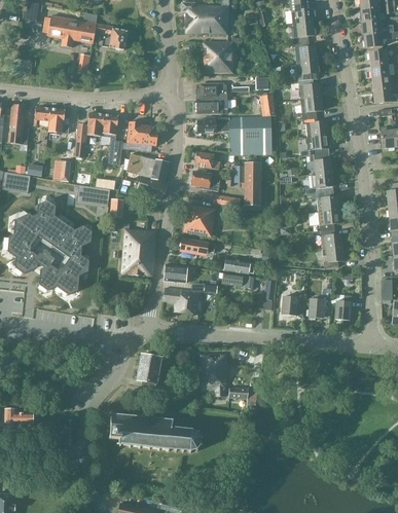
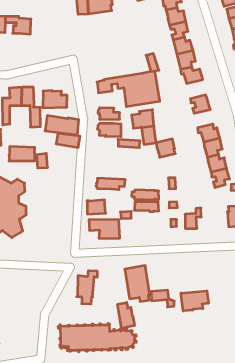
building: [202,41,233,73] -> none
building: [196,82,227,113] -> none
building: [307,134,329,155] -> none
building: [312,172,333,192] -> [156,139,175,157]
building: [183,204,216,235] -> none
building: [120,228,157,276] -> none
building: [309,288,331,318] -> none
building: none -> [181,291,208,311]
building: none -> [118,302,134,328]

